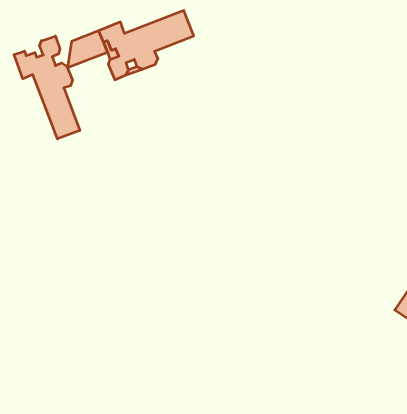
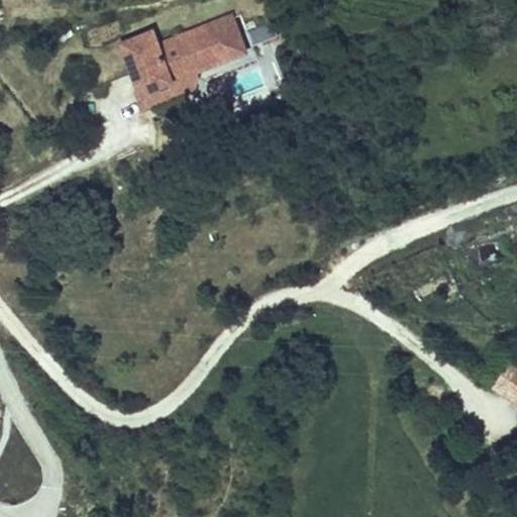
building: [14,36,80,139] -> none

